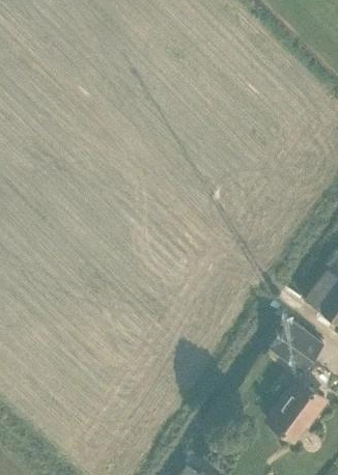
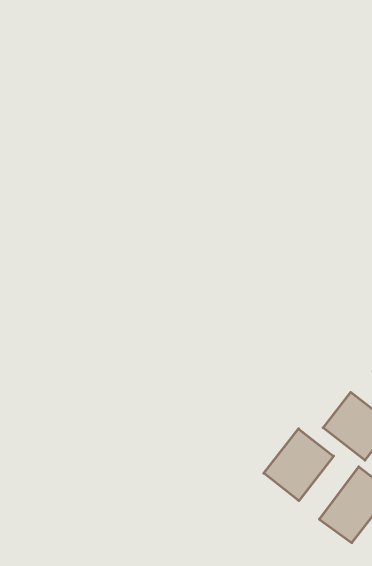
building: none -> [264,429,334,501]

